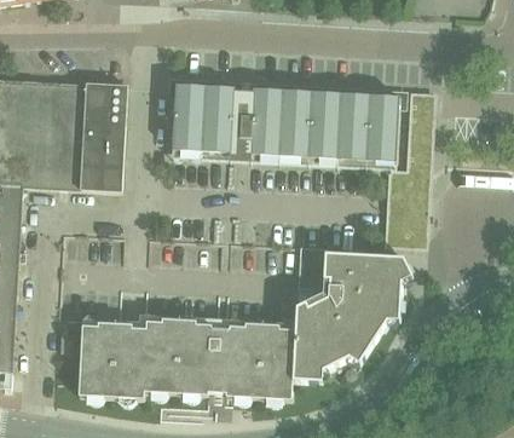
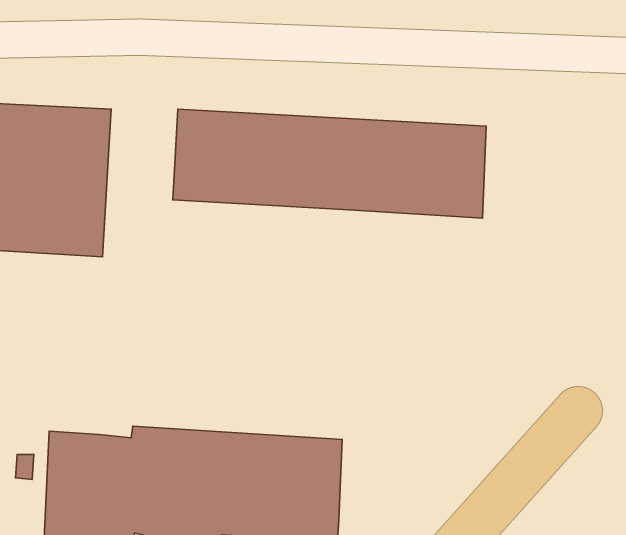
building: [291,246,411,384] -> none

